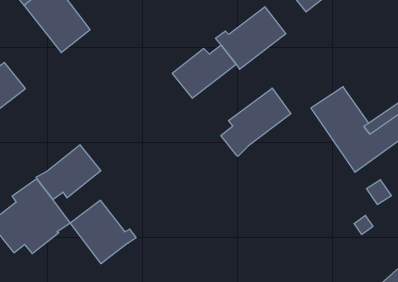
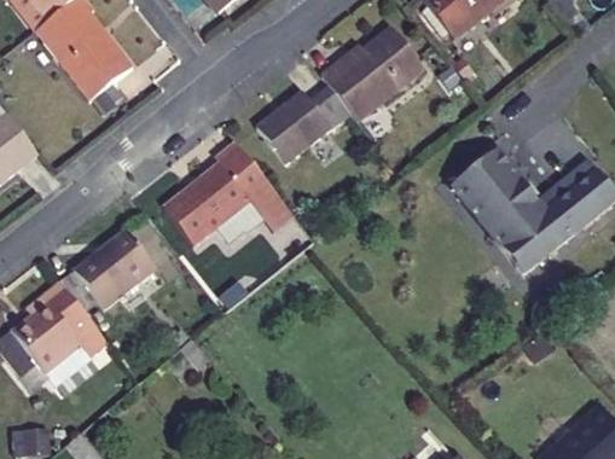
building: none -> [166,144,284,244]
building: [221,88,291,156] -> none
building: [70,200,136,264] -> none

